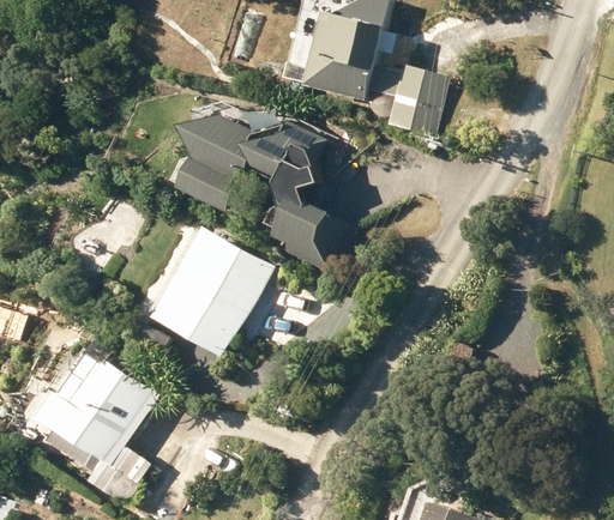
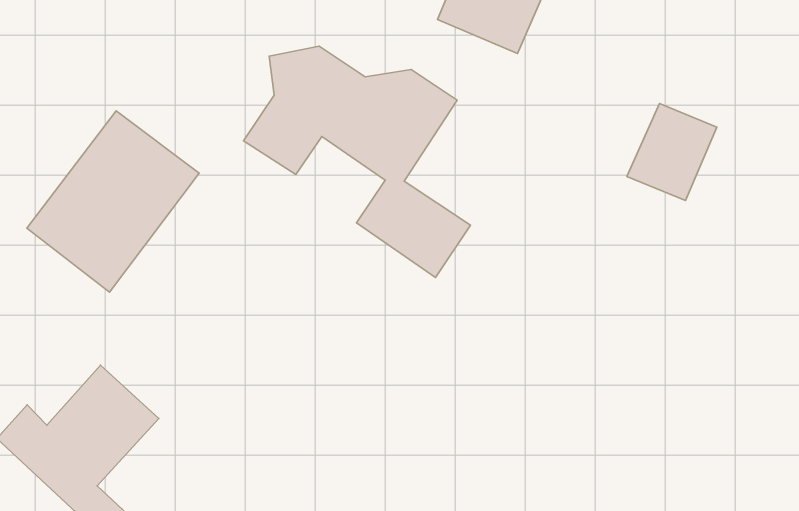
building: [386,67,444,132] -> [627,103,717,201]
building: [158,230,272,356] -> [27,111,199,292]

